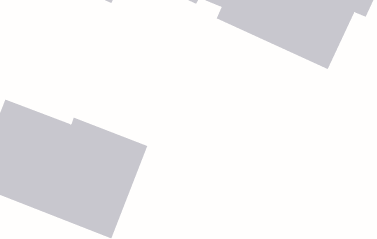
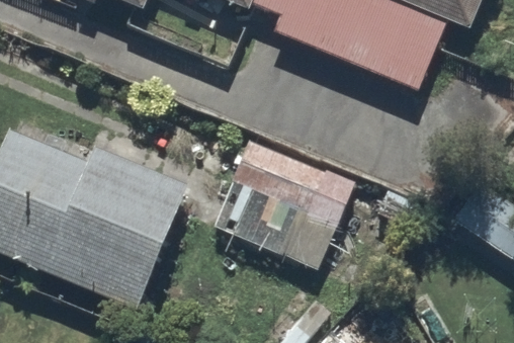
building: none -> [219,137,352,264]

